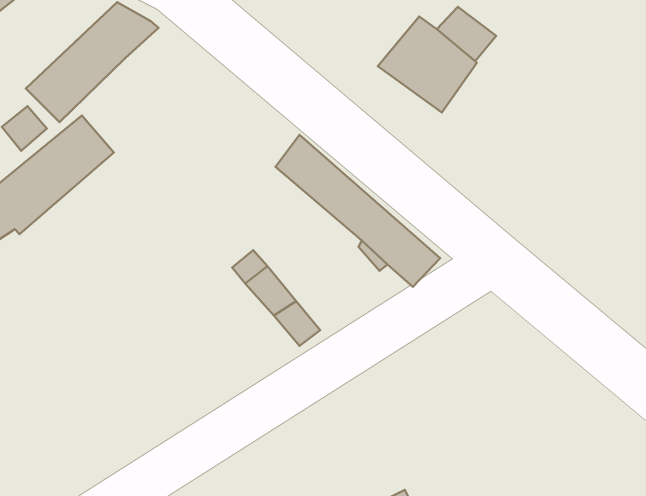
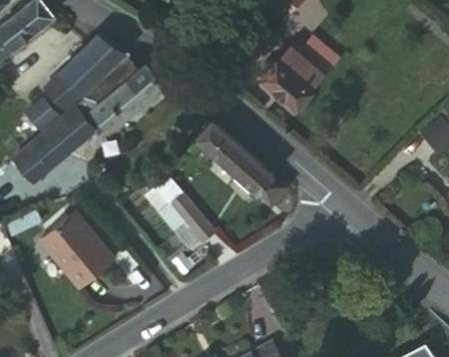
building: none -> [81,59,168,131]
building: none -> [41,215,118,295]

